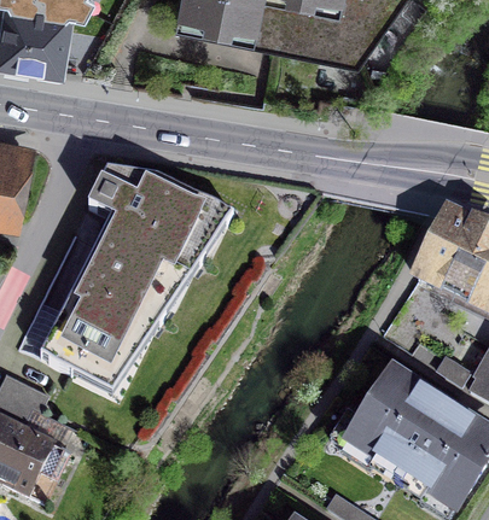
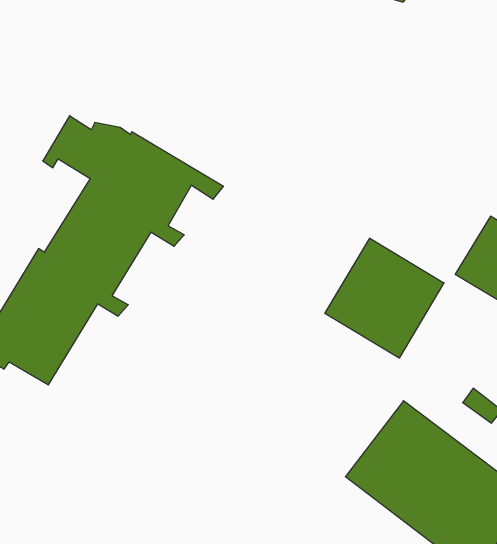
building: none -> [325,238,444,358]

